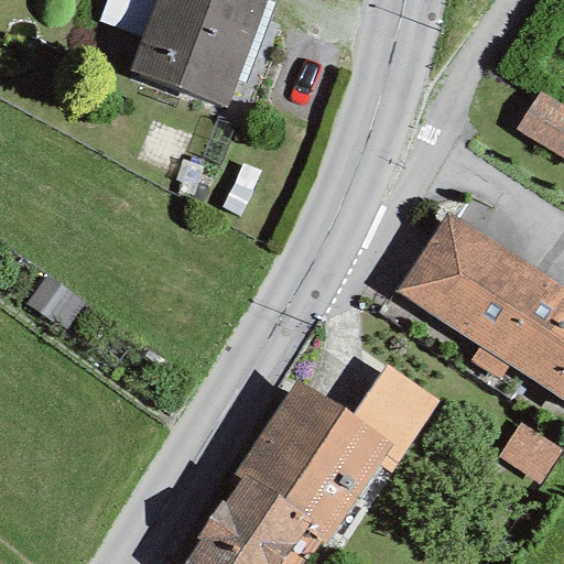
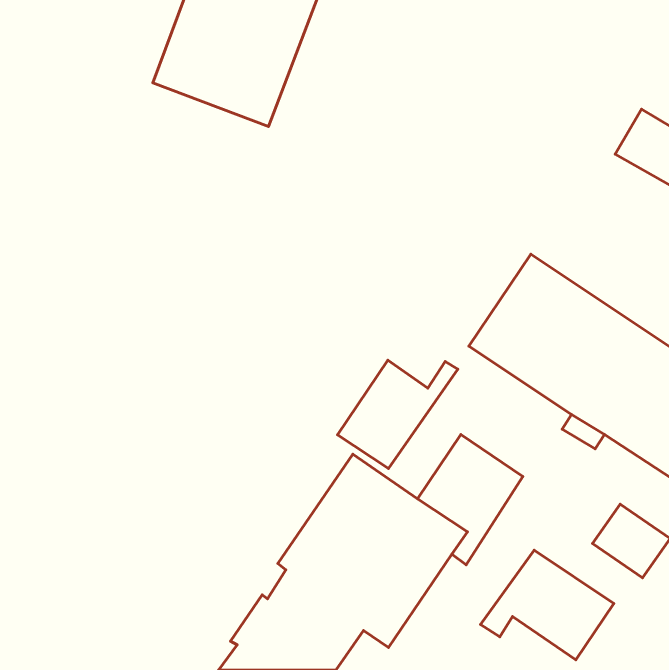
building: none -> [338,360,458,468]
building: none -> [480,550,614,660]

